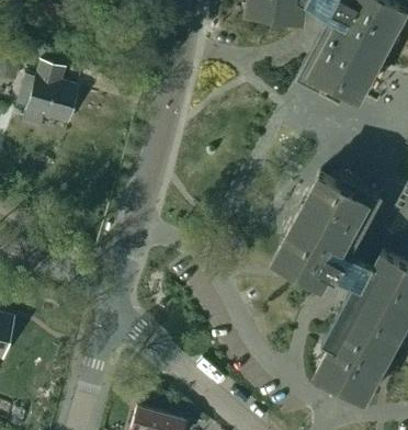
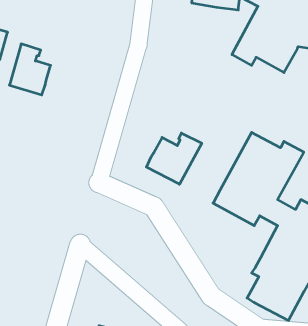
building: none -> [146,133,202,184]

